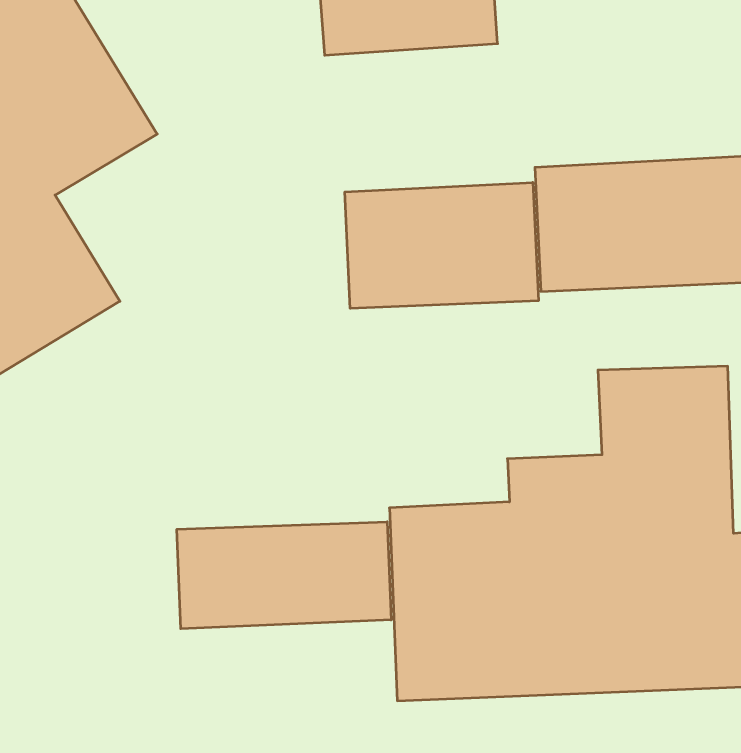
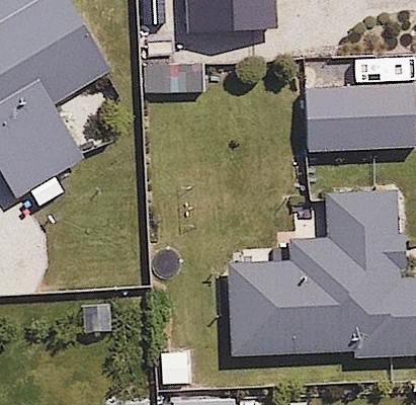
building: [345,182,538,308] -> none
building: [177,522,391,629] -> none

